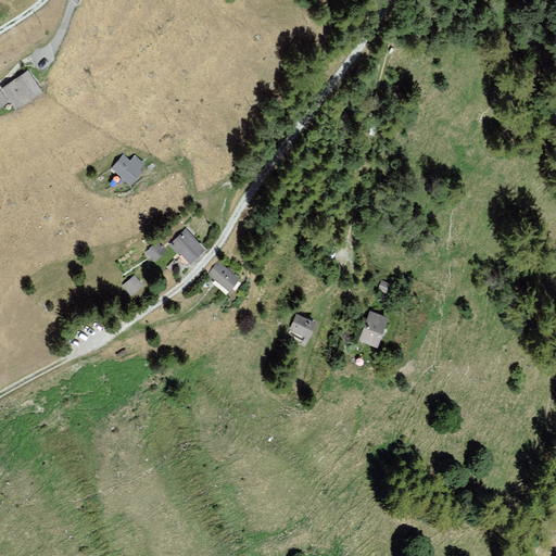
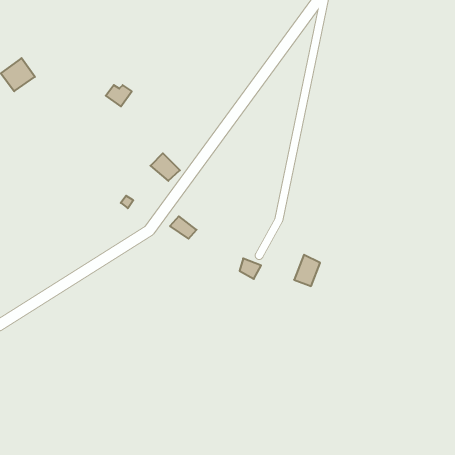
building: [112,155,143,181] -> [106,85,132,106]
building: [168,230,204,264] -> [150,153,180,181]

